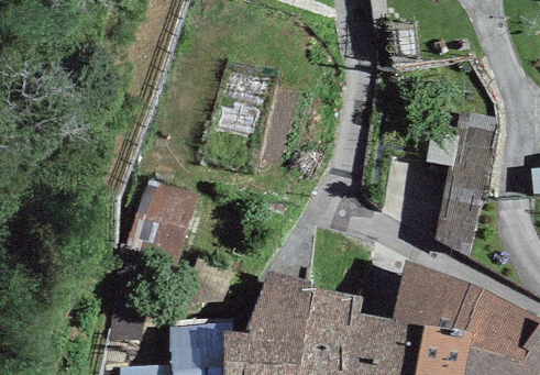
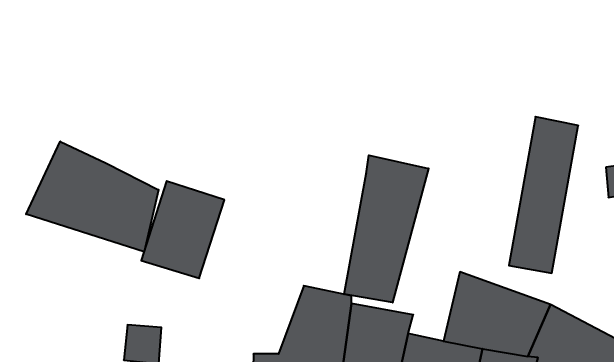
building: none -> [26,141,159,252]
building: none -> [344,155,429,303]

